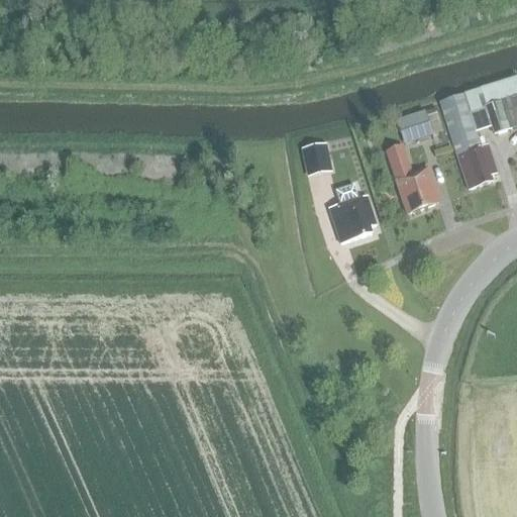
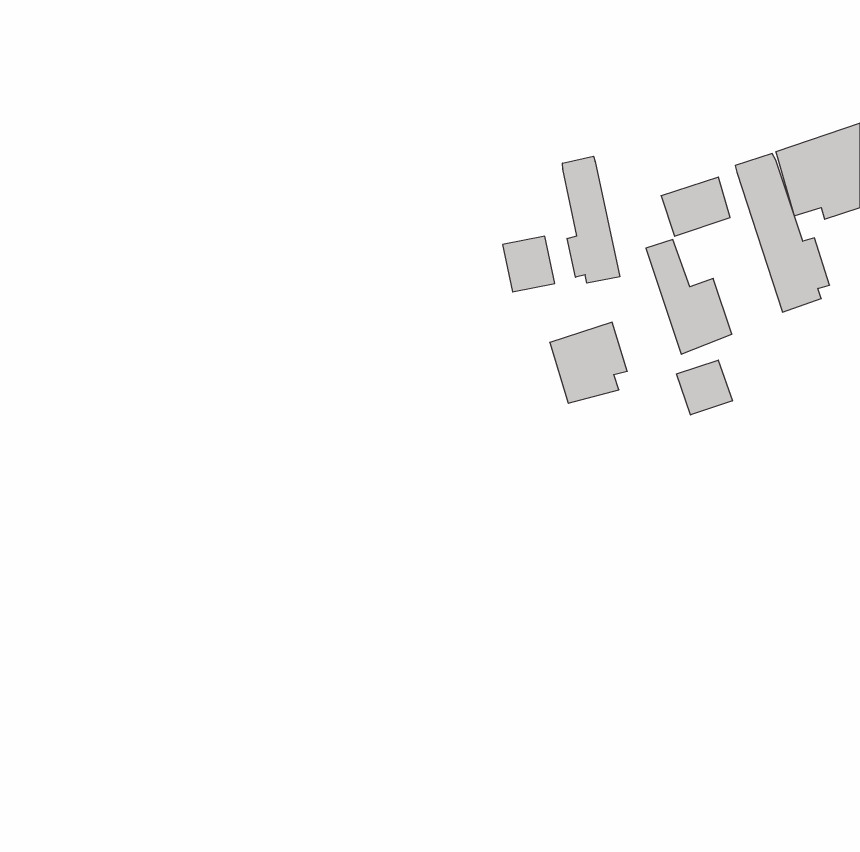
building: none -> [563,156,620,283]
building: none -> [676,360,732,415]

